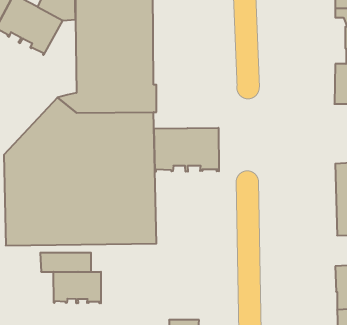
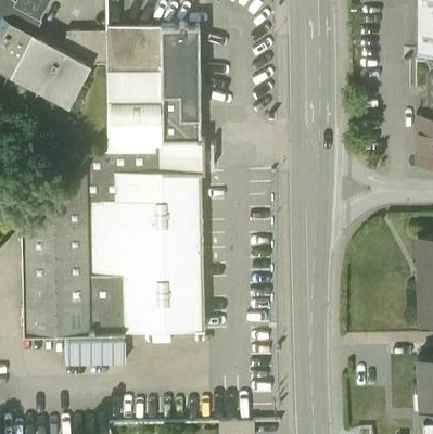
building: [154,128,219,172] -> none
building: [53,272,101,303] -> none

